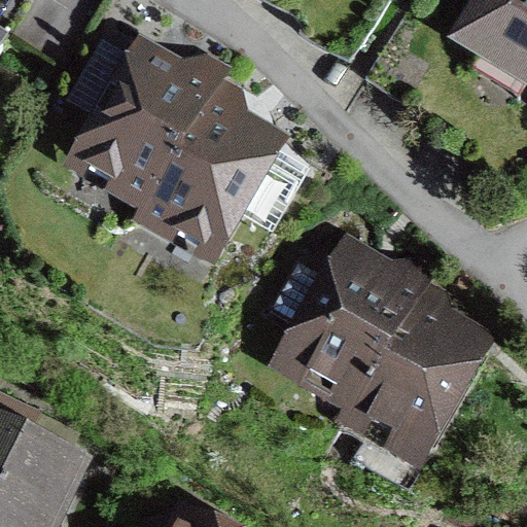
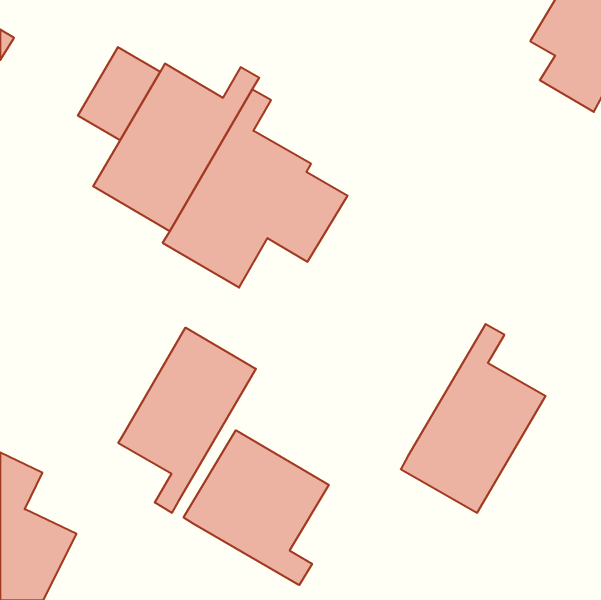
building: [271,259,430,410] -> none
building: none -> [118,328,256,513]
building: none -> [184,430,329,585]

